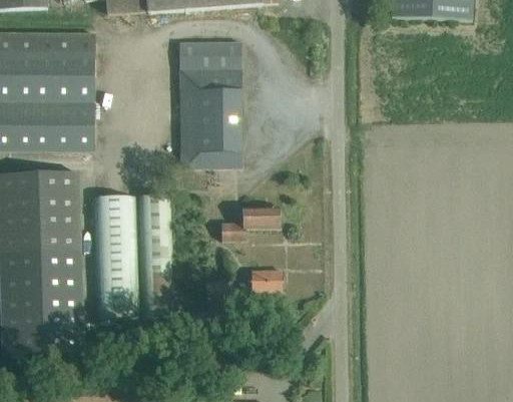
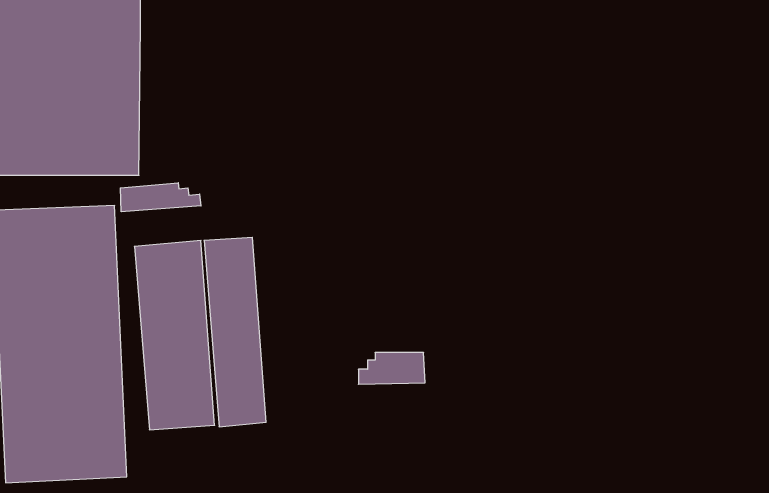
building: [179,41,241,167] -> none
building: none -> [120,183,201,212]
building: [220,206,280,240] -> none

